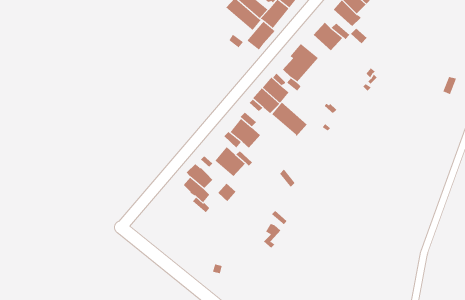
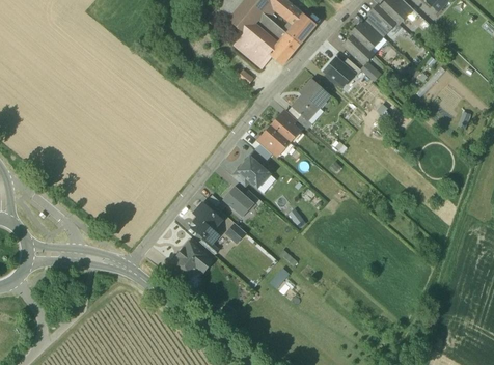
building: [247,21,276,51] -> none
building: [272,102,308,137] -> none
building: none -> [171,242,210,277]

